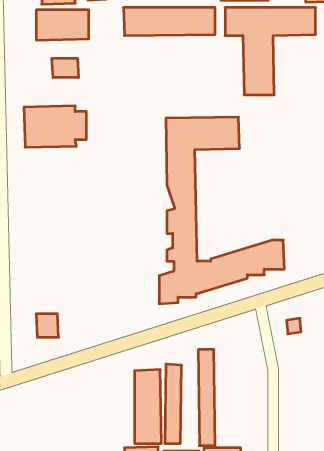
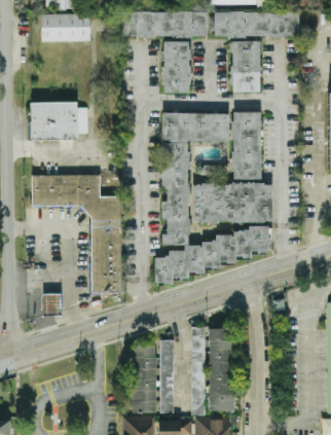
building: none -> [162,41,190,93]
building: [52,58,78,78] -> none
building: none -> [192,111,271,222]
building: none -> [32,175,121,292]
building: none -> [209,328,233,410]

